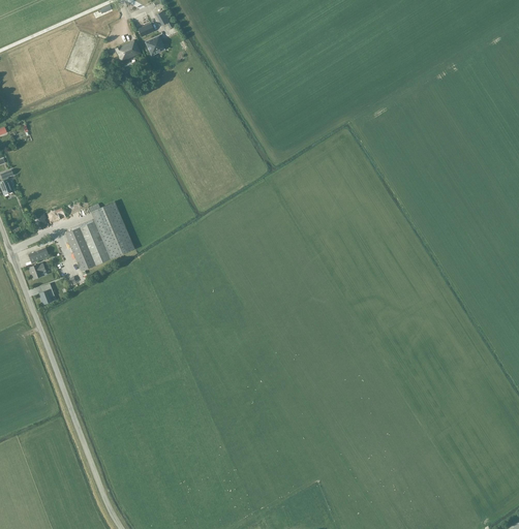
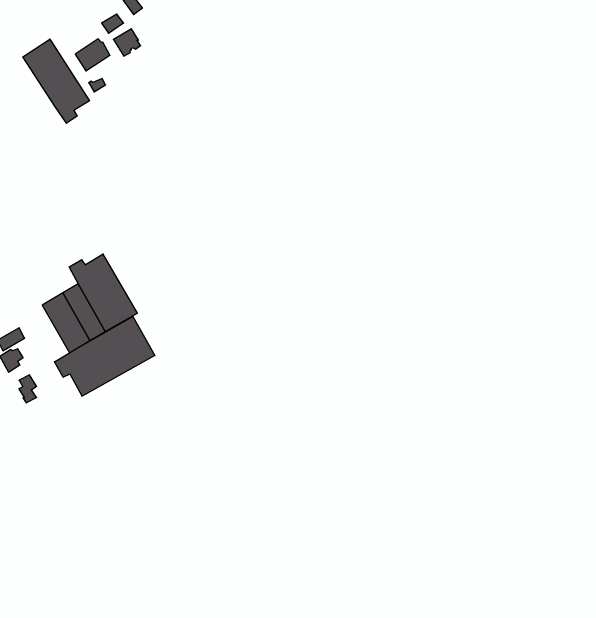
building: none -> [23,39,89,123]
building: none -> [54,317,155,396]

